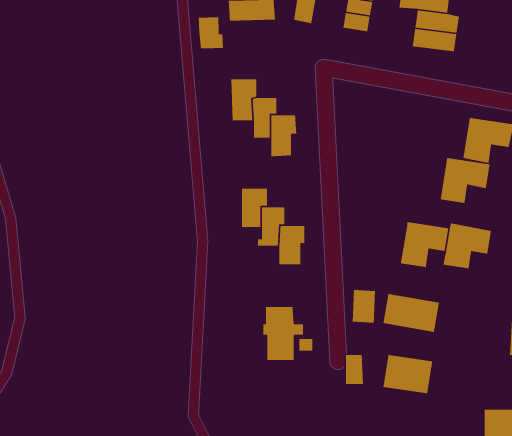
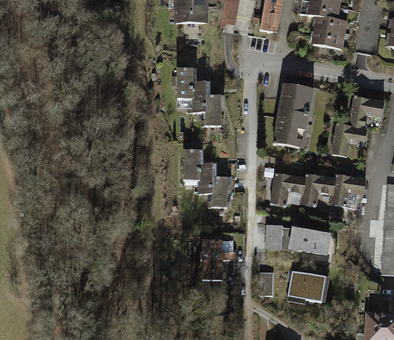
building: [198,16,224,49] -> none
building: none -> [272,85,315,149]
building: none -> [269,171,306,207]

